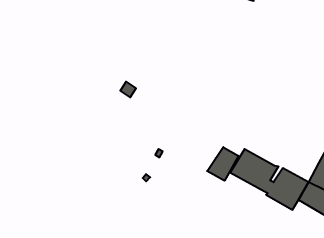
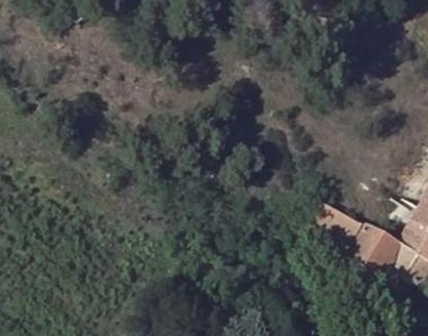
building: [207,147,238,181] -> none

